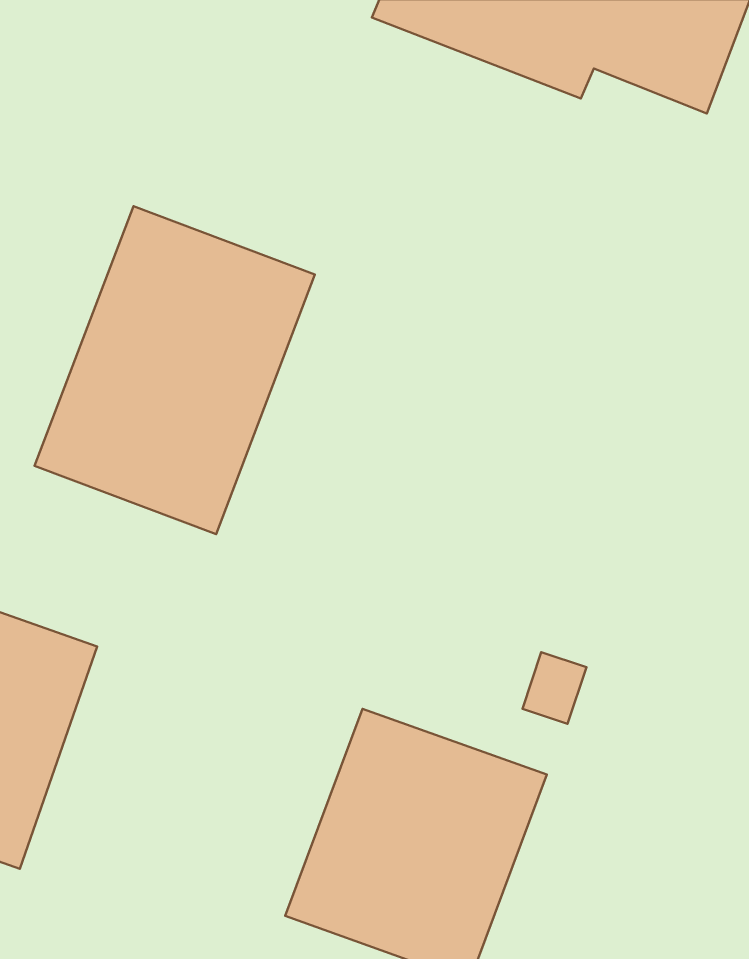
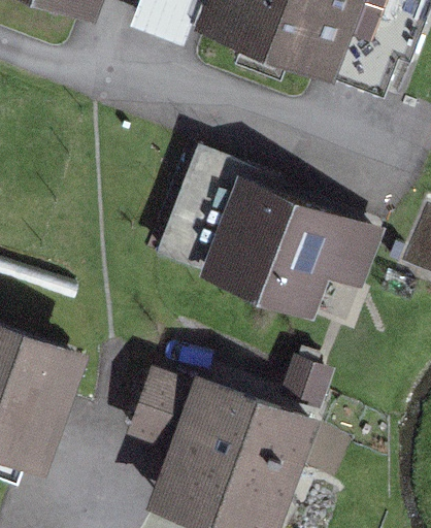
building: [35,206,315,534] -> none
building: none -> [159,159,373,301]

